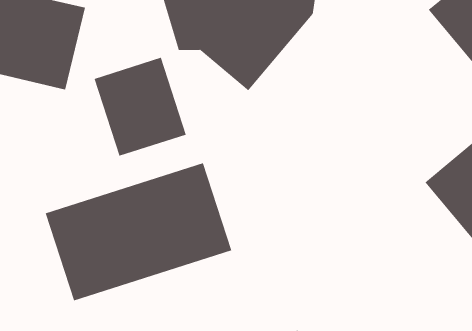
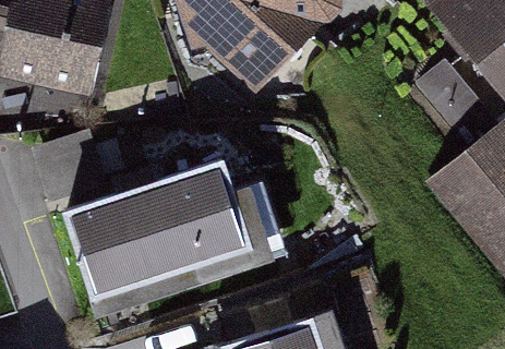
building: [94,57,187,157] -> none

